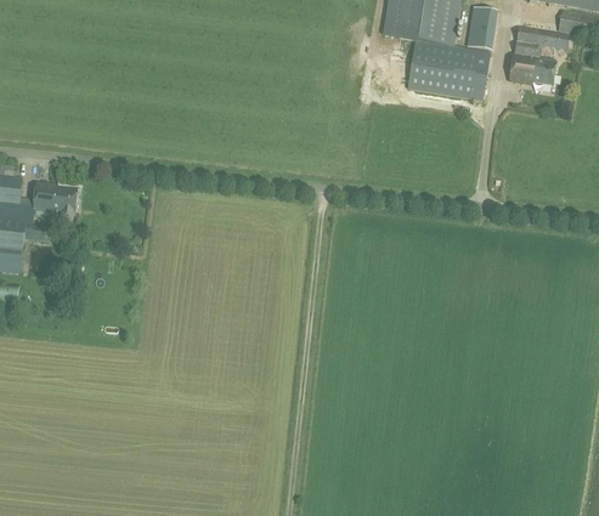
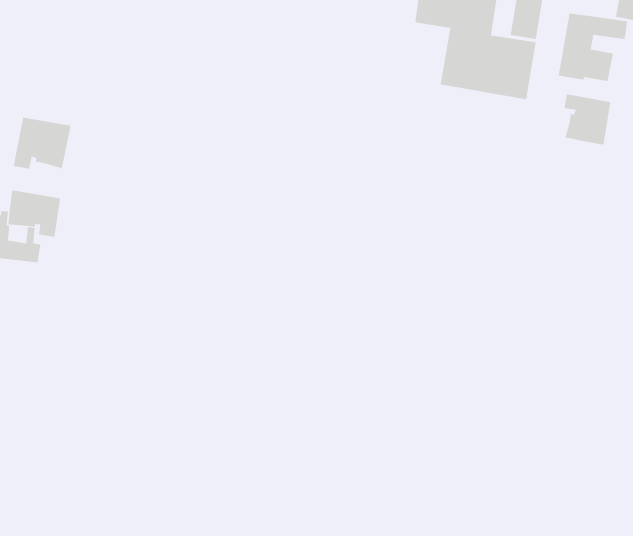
building: none -> [564,93,611,146]
building: none -> [13,117,71,170]

